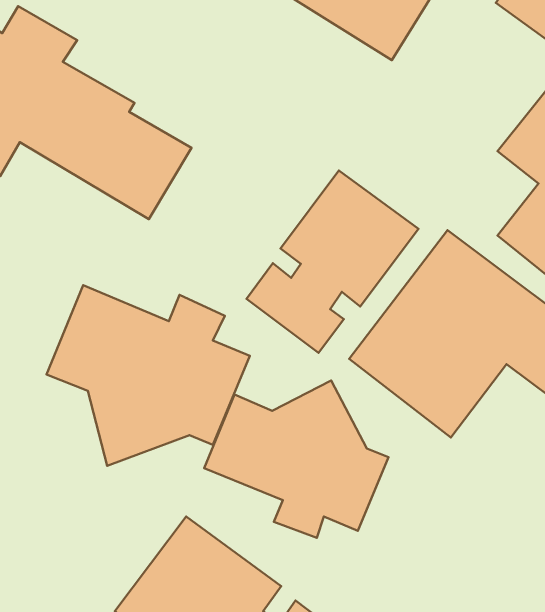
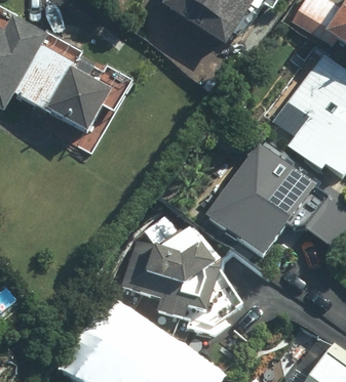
building: [247,171,418,353] -> none
building: [46,285,250,466] -> none

